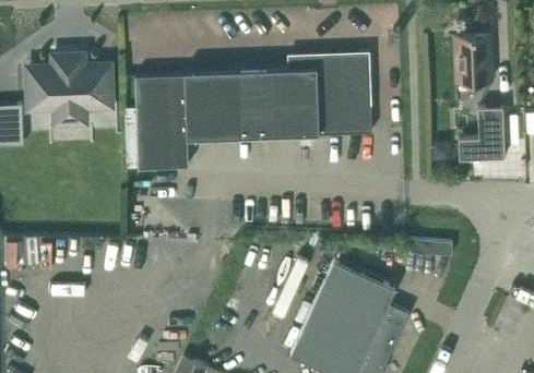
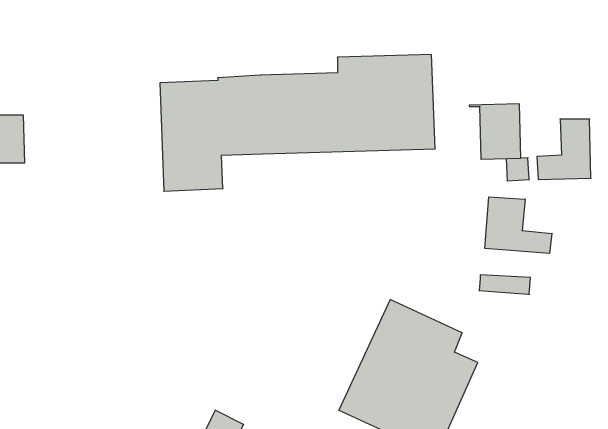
building: [448,37,491,84] -> [469,104,521,159]
building: [24,52,115,129] -> none
building: none -> [485,197,552,253]

